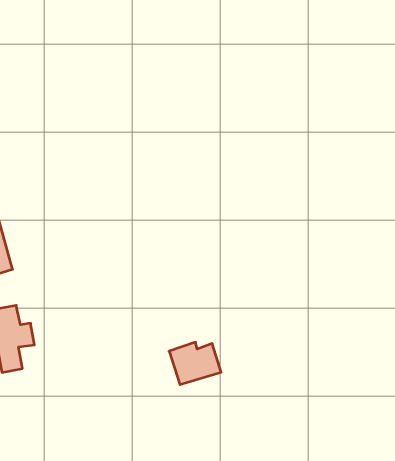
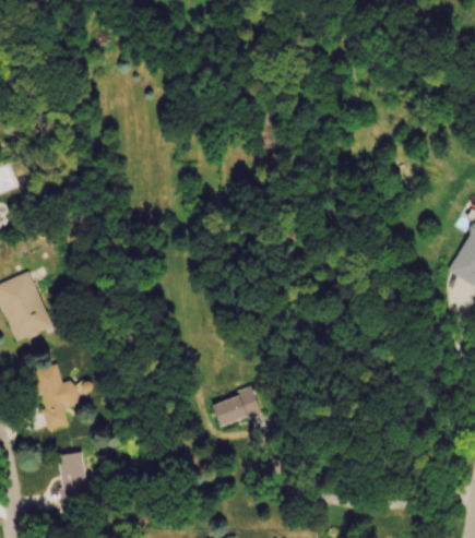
building: none -> [56,452,86,510]

